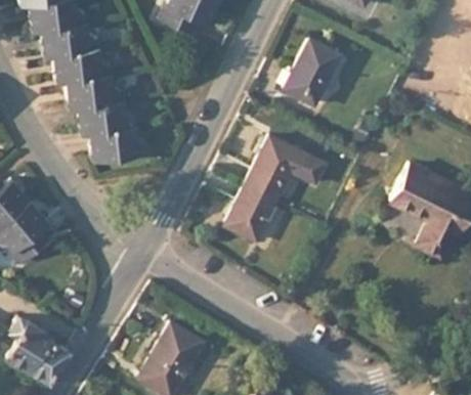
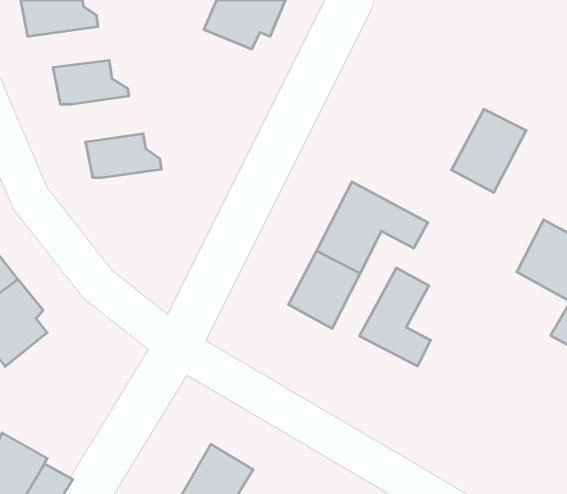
building: [43,23,96,53] -> none
building: [286,44,340,104] -> [451,109,526,192]
building: [69,73,121,107] -> none
building: [91,126,144,159] -> none
building: none -> [360,268,431,366]

